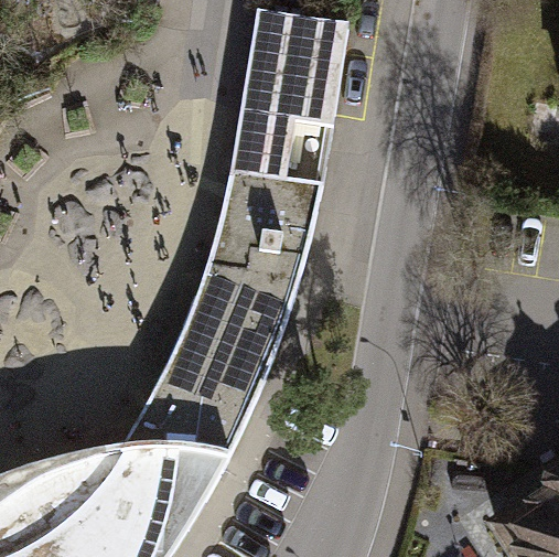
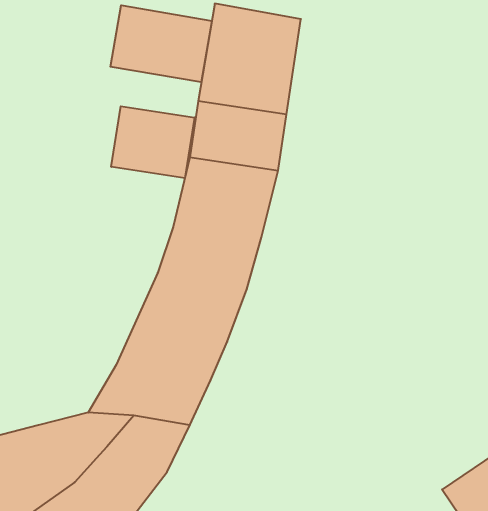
building: none -> [110,5,212,82]
building: none -> [111,106,194,178]

